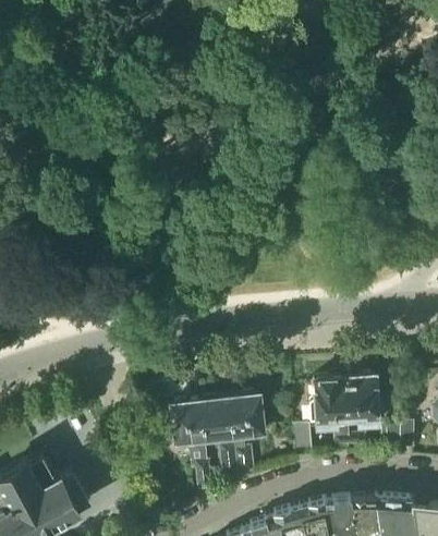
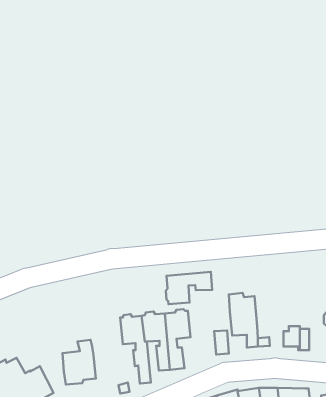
building: none -> [166,272,212,304]
building: [344,374,379,428] -> none
building: none -> [62,340,96,385]

